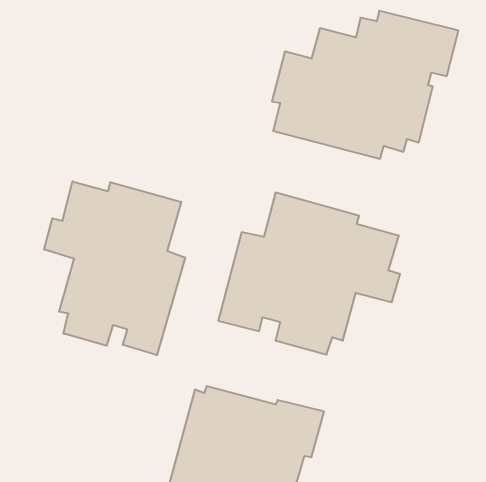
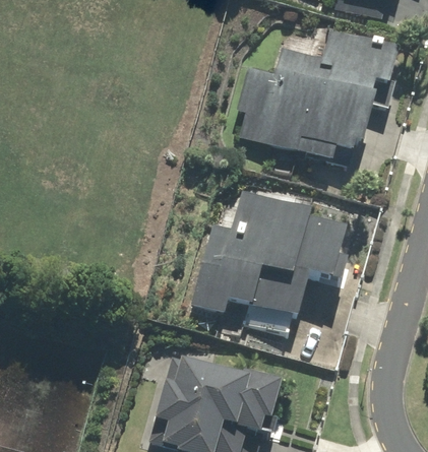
building: [44,181,185,355] -> none

